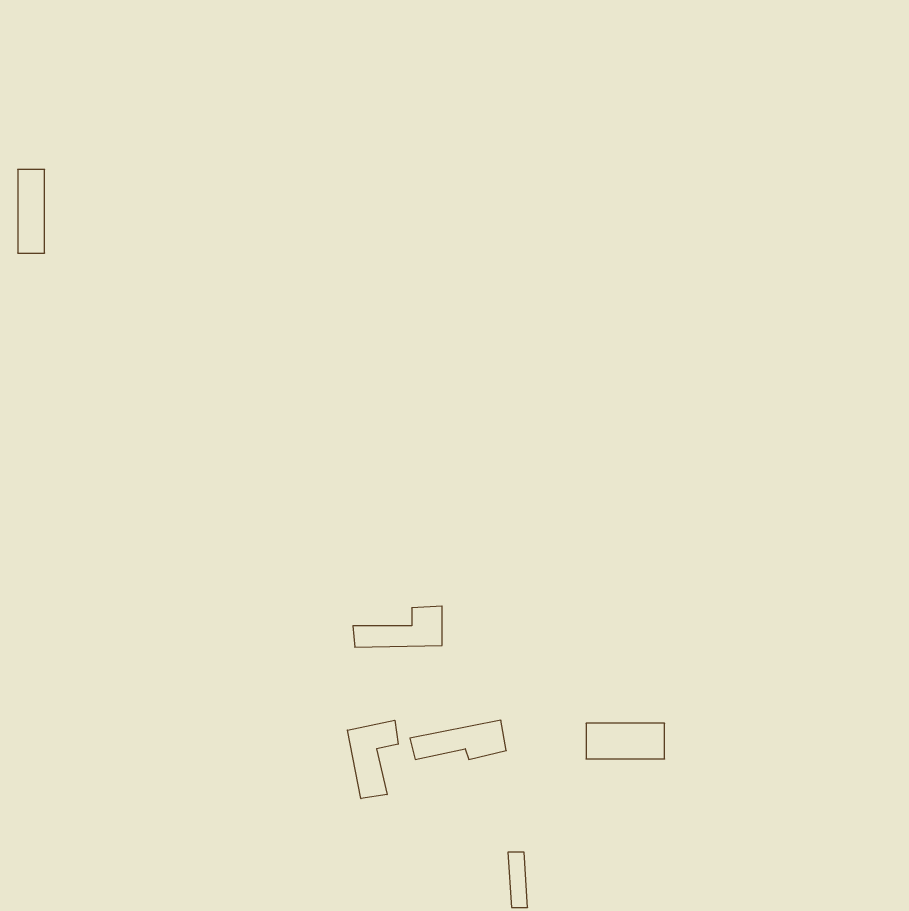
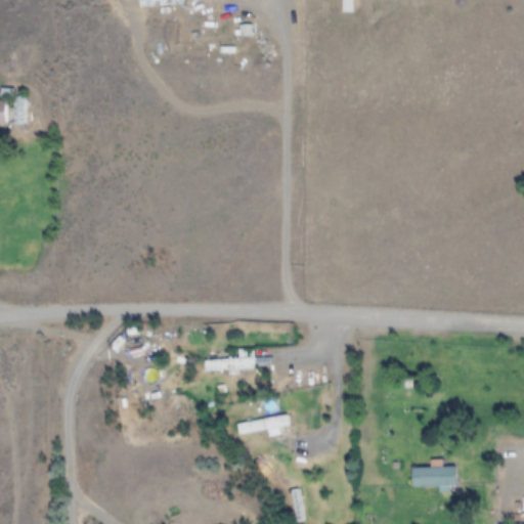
building: [347,720,398,799] -> none
building: [586,723,665,759] -> [410,466,455,486]

